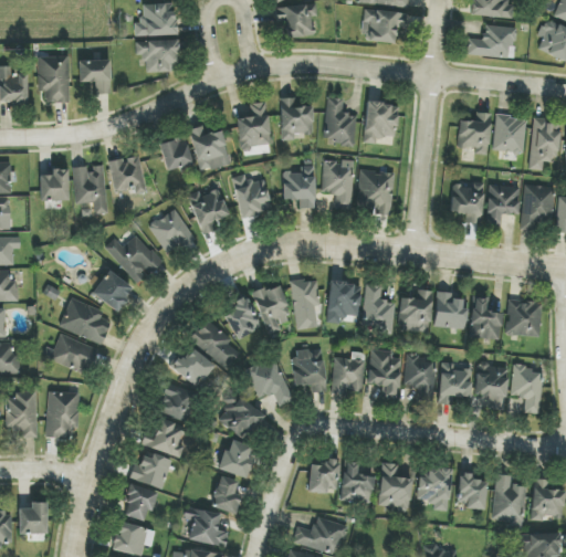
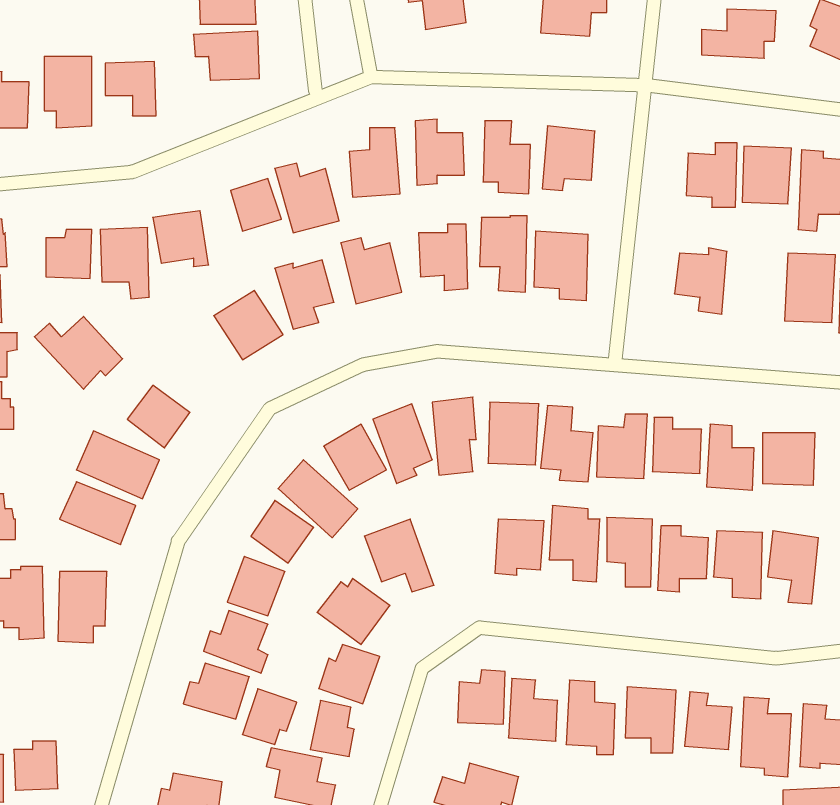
building: [485,183,518,225] -> none
building: [104,233,161,281] -> [34,316,123,389]
building: [292,347,325,391] -> none
building: [122,483,157,519] -> [242,689,297,745]

